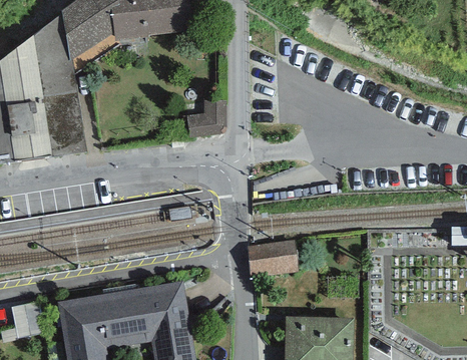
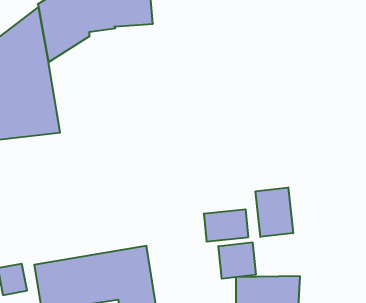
building: [184,100,224,137] -> none
building: none -> [256,187,293,237]
building: none -> [218,242,256,279]

